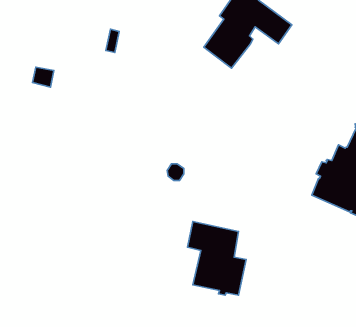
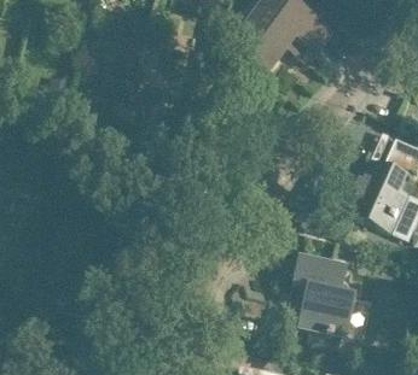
building: [187,222,246,295] -> [289,254,353,334]

